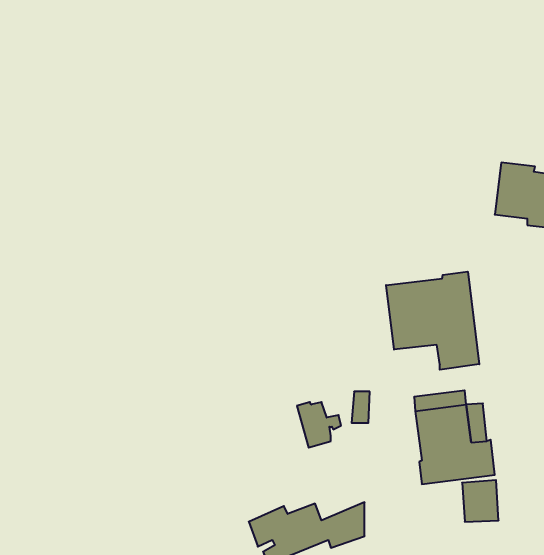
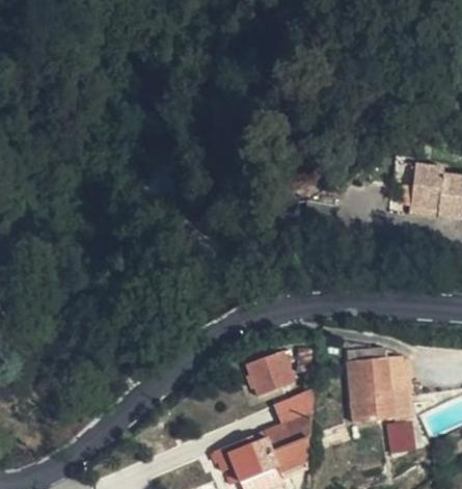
building: [386,272,479,370] -> none
building: none -> [244,387,315,451]

